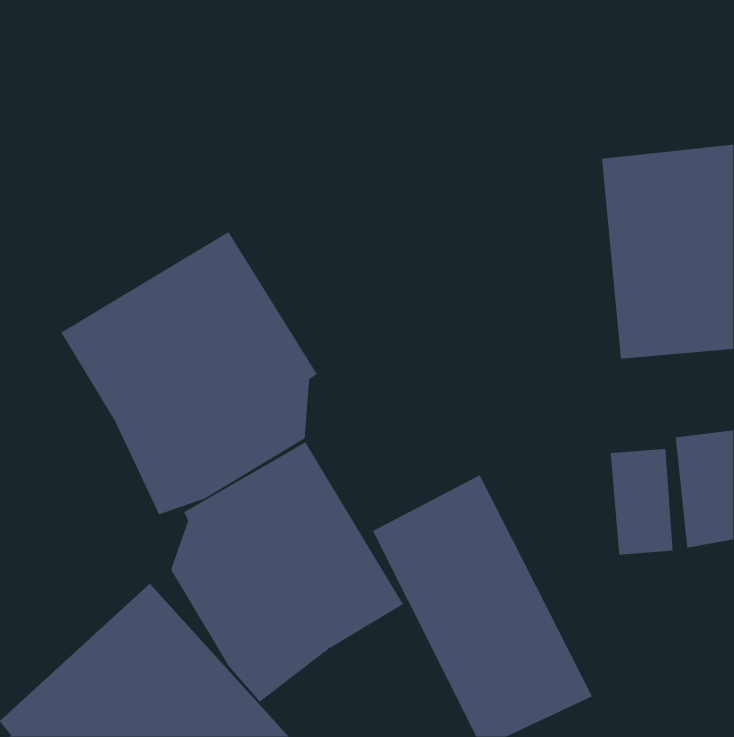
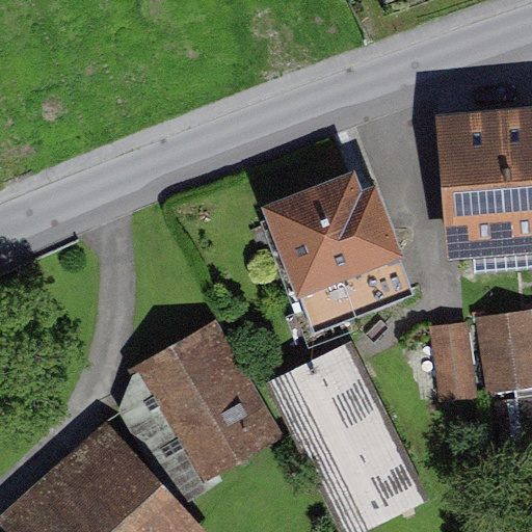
building: [60,231,318,515] -> none
building: none -> [260,168,418,334]

